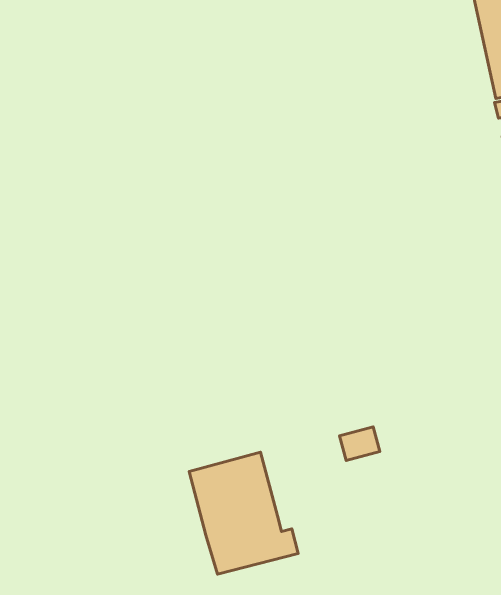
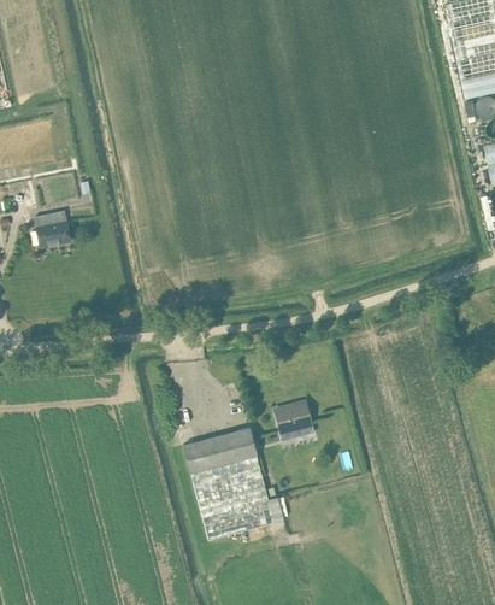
building: none -> [33,208,70,245]
building: [340,427,380,460] -> [273,399,311,430]

